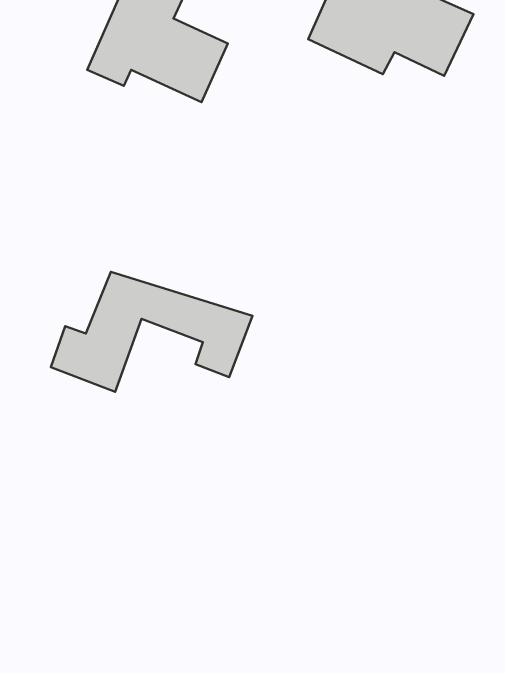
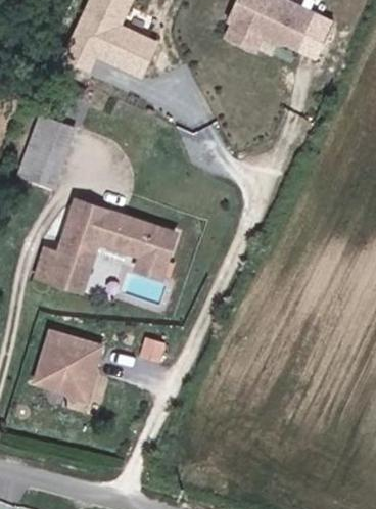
building: none -> [25,114,73,175]
building: none -> [34,326,111,410]

